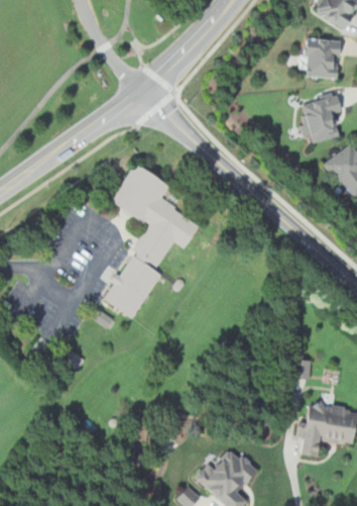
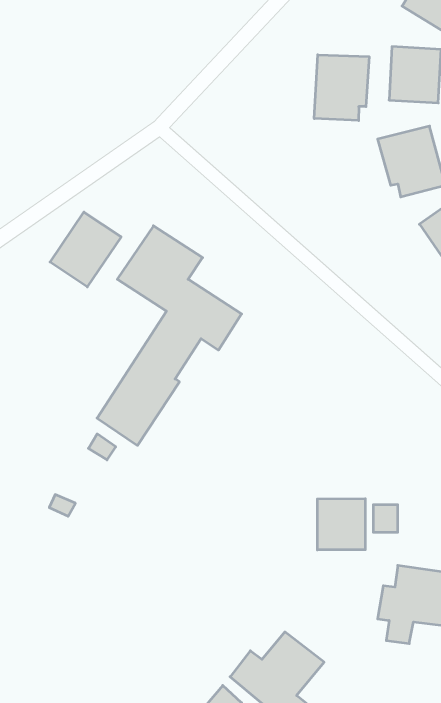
building: none -> [314,55,369,121]
building: none -> [50,212,121,287]
building: none -> [317,499,365,550]

